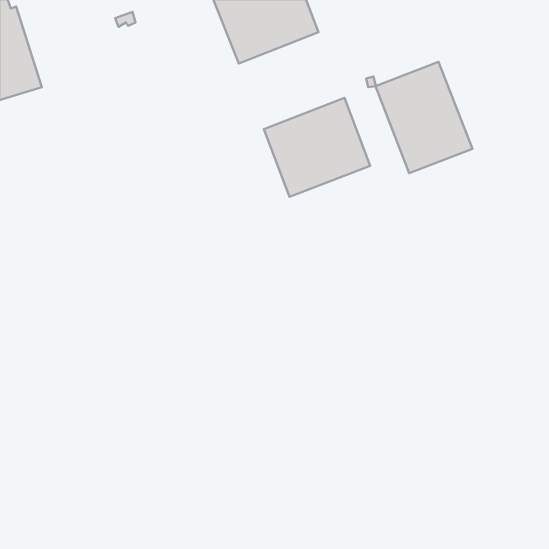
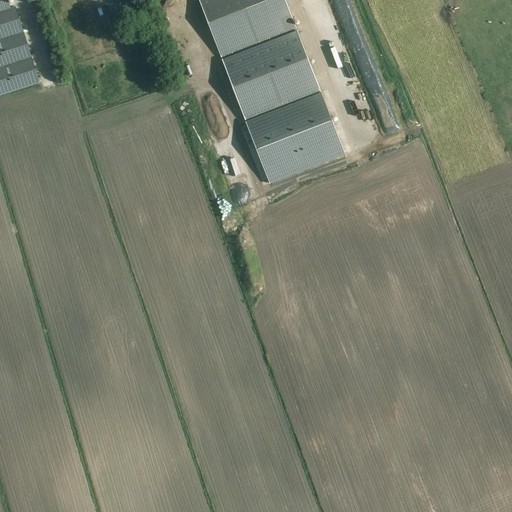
building: none -> [222,31,319,118]
building: [375,62,472,173] -> none

